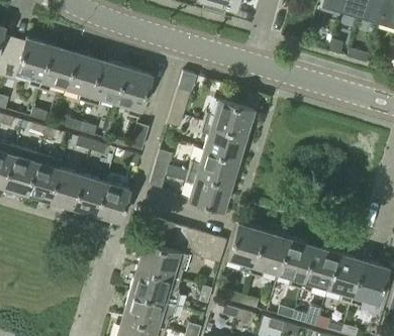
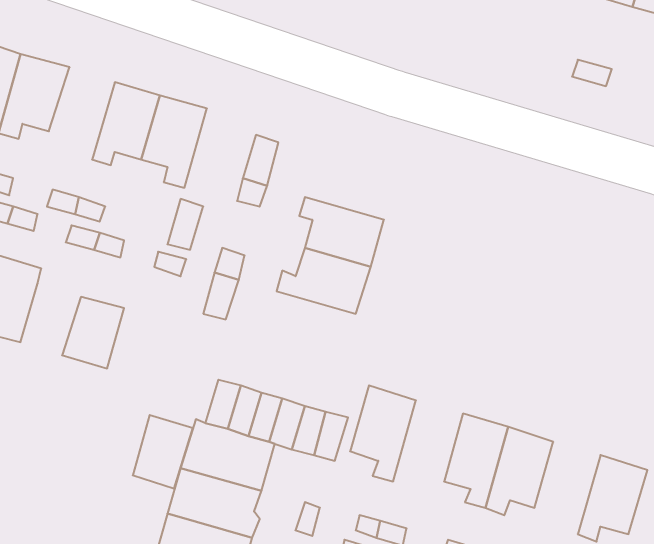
building: [67,52,102,102] -> none
building: [204,99,254,134] -> none
building: [52,169,84,207] -> none
building: [186,173,231,210] -> none
building: [98,182,130,221] -> [133,415,193,488]
building: [252,231,289,277] -> none
building: [327,253,363,303] -> none

